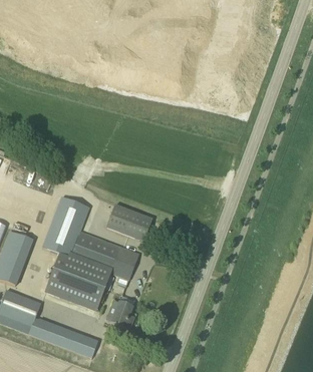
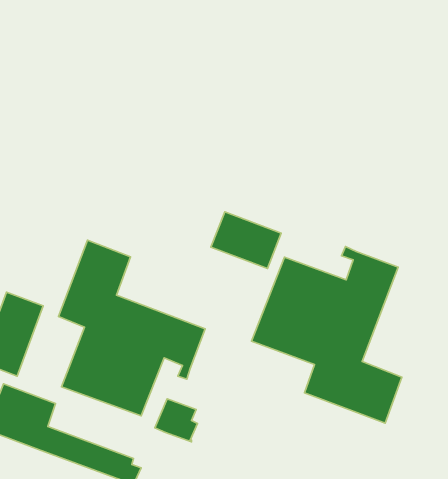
building: none -> [251,246,402,423]
building: [106,204,152,241] -> [211,212,281,268]

